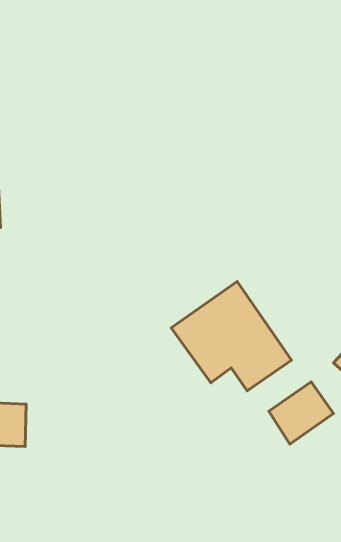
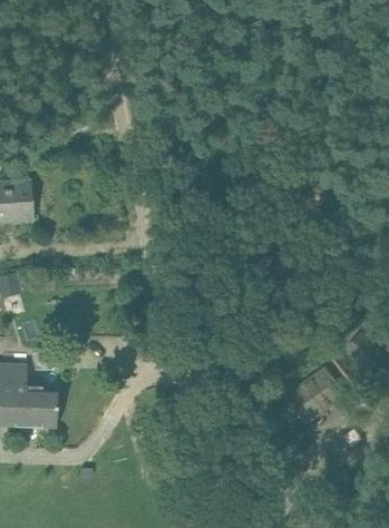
building: [171,282,291,391] -> none

